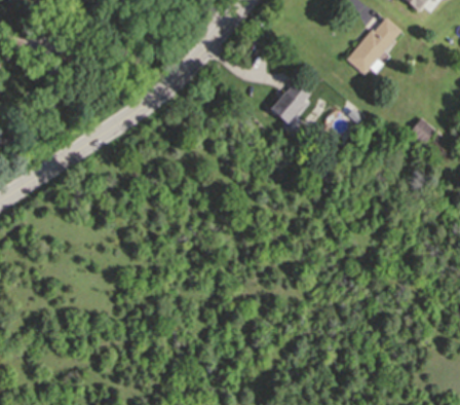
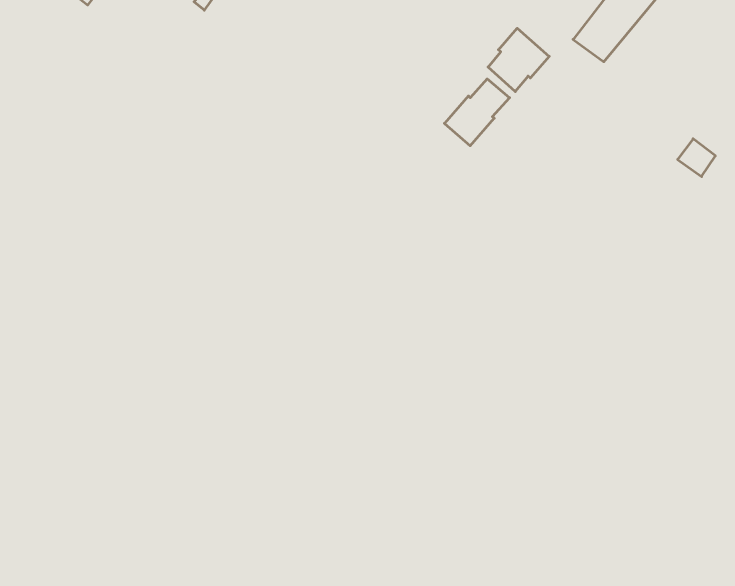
building: none -> [488,28,549,92]

